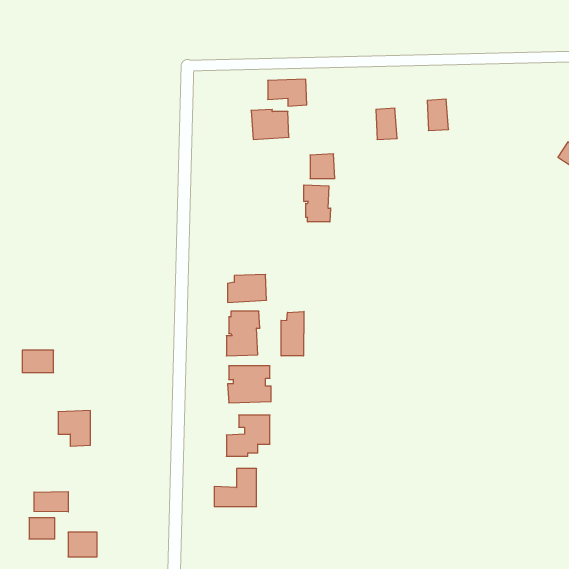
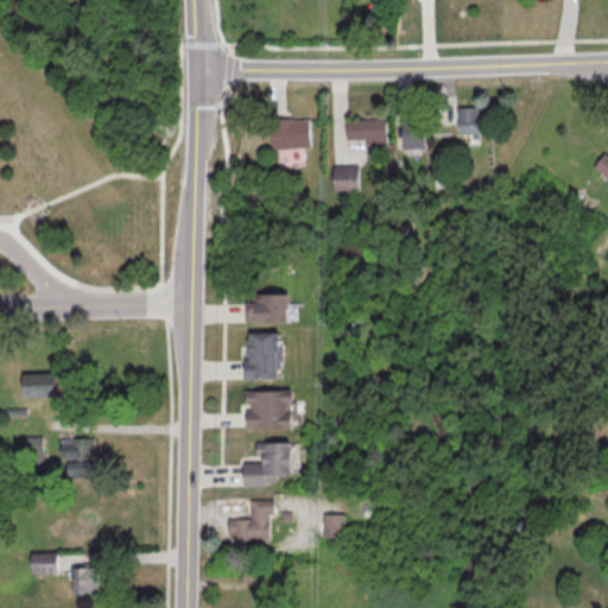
building: [268,79,307,106] -> [344,119,386,147]
building: [304,185,331,222] -> none
building: [281,311,304,356] -> none
building: none -> [327,514,347,539]
building: [34,492,68,512] -> none

